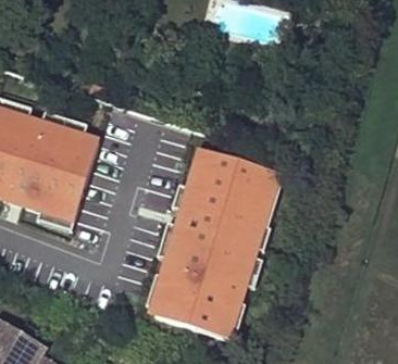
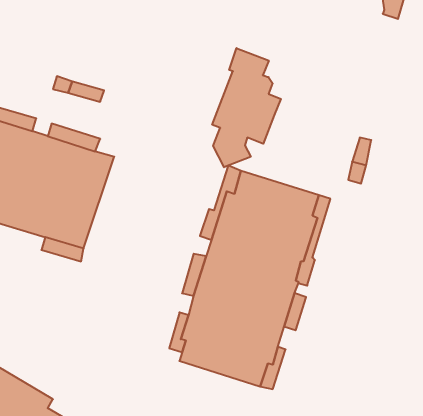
building: none -> [212,48,281,167]

